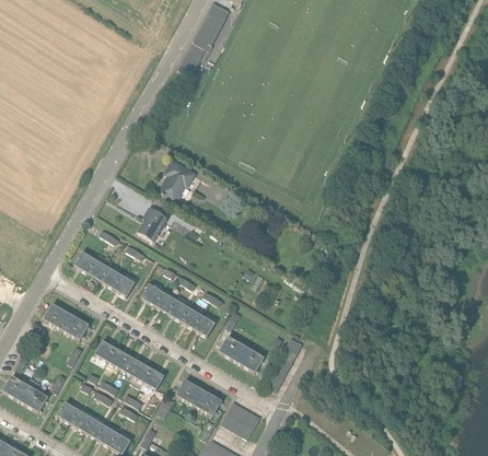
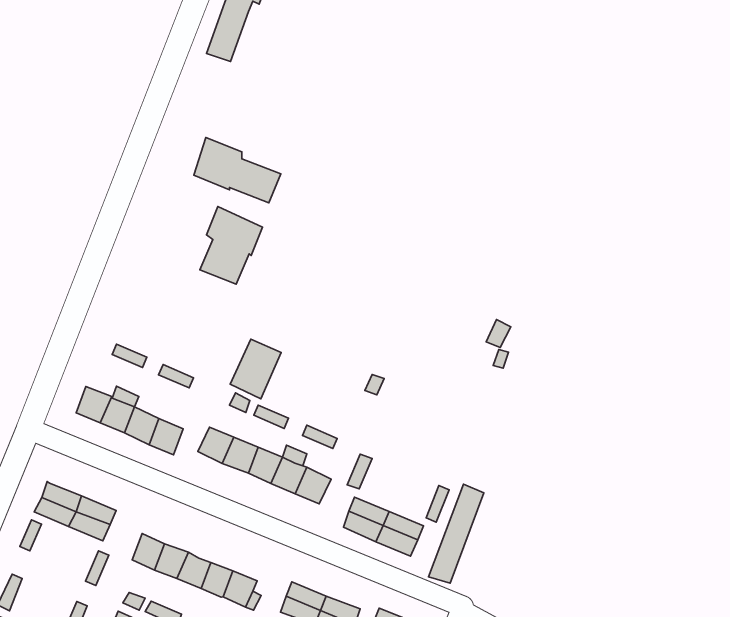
building: none -> [194,137,281,203]
building: [137,206,169,241] -> [230,339,281,399]

